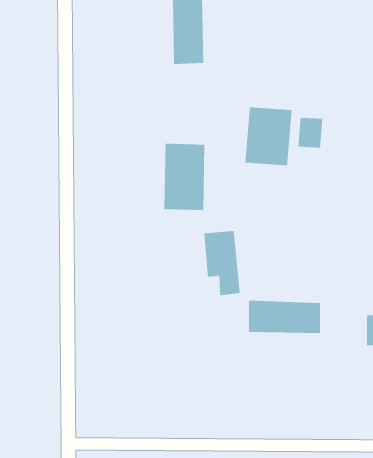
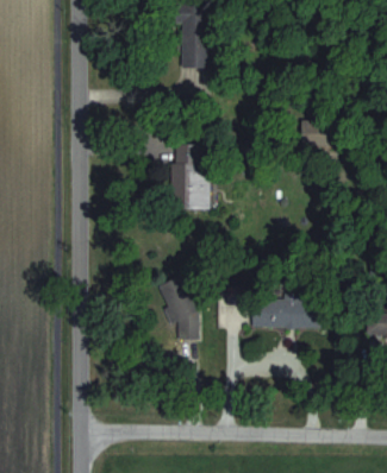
building: [245,106,292,166] -> none
building: [204,231,240,296] -> [162,279,198,342]

